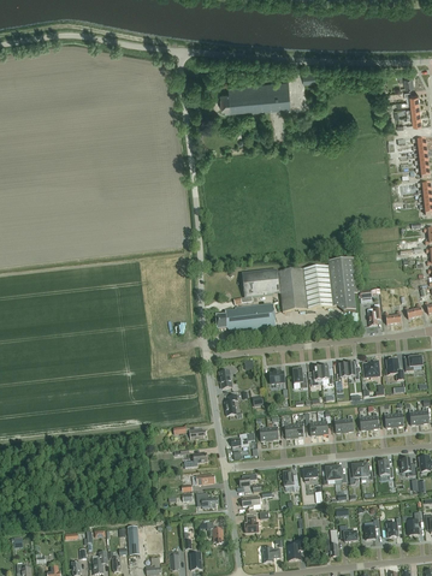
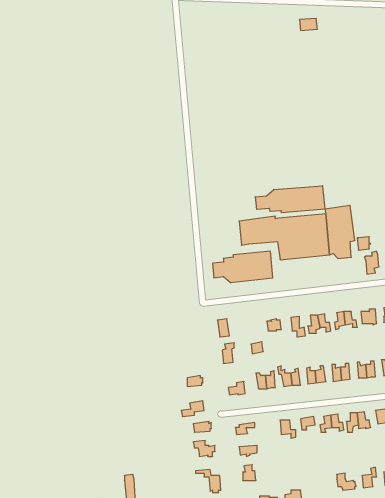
building: [220,81,291,112] -> none
building: none -> [255,186,325,213]

